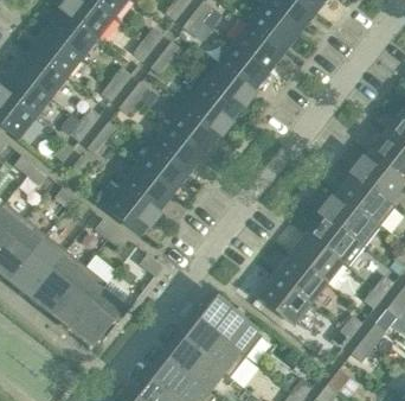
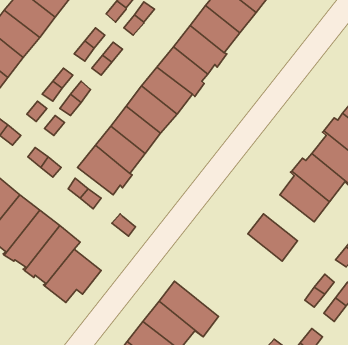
building: [290,235,341,281] -> none
building: [258,274,309,323] -> none
building: [201,300,263,357] -> none

